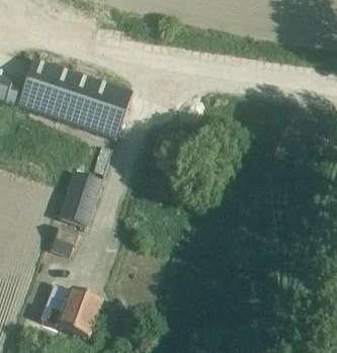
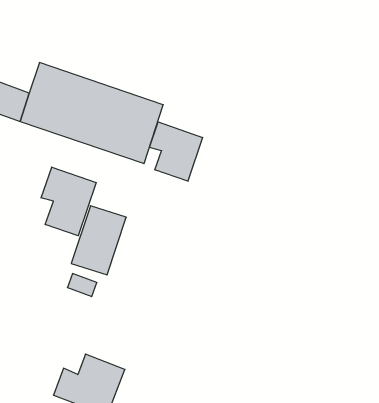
building: none -> [149,122,203,181]
building: none -> [41,167,96,236]

